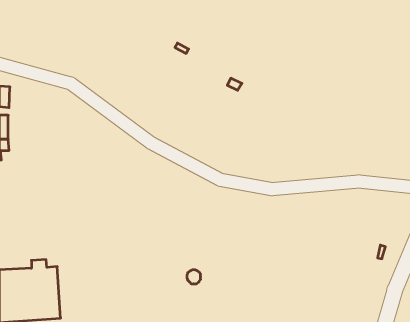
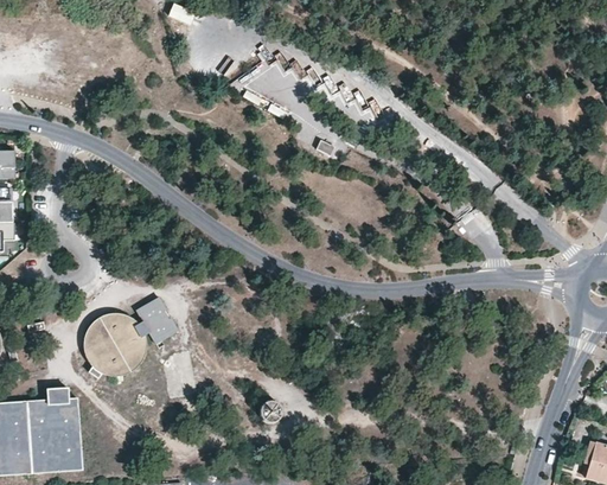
building: none -> [83,294,179,376]

